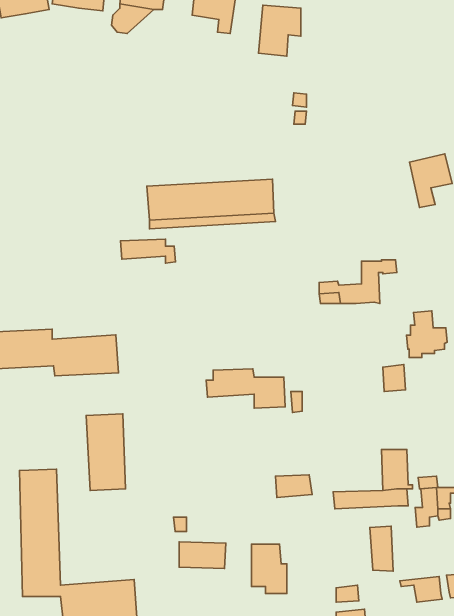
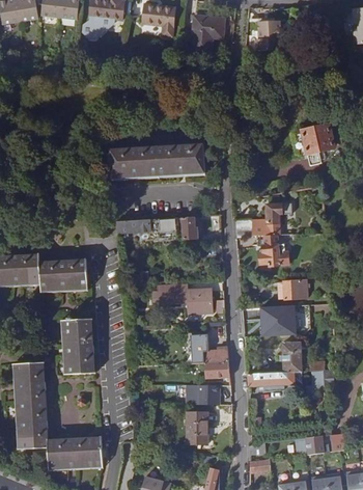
building: none -> [256,21,284,50]
building: [120,239,176,263] -> [116,219,157,237]
building: none -> [176,216,197,245]
building: [406,311,447,358] -> [257,235,287,269]
building: none -> [260,306,295,335]
building: none -> [185,334,228,363]
building: [370,526,393,571] -> none
building: [179,542,226,569] -> [186,384,220,404]

